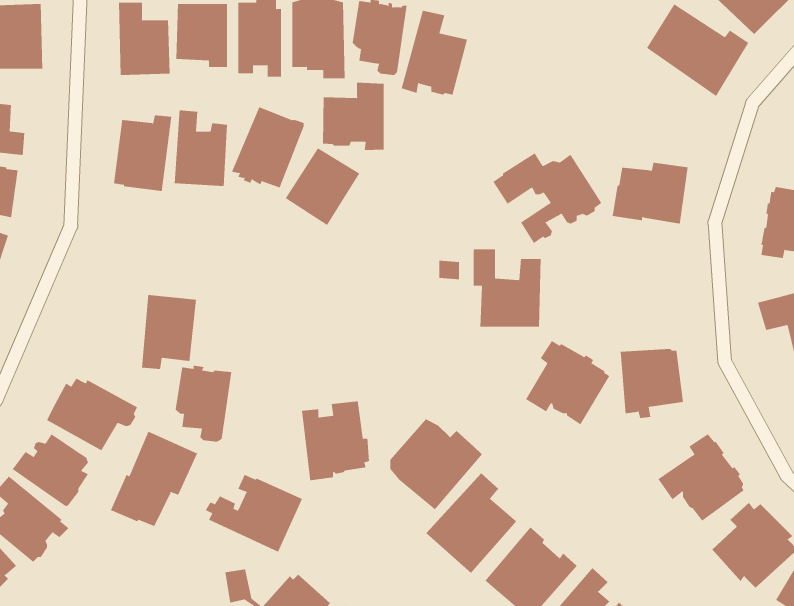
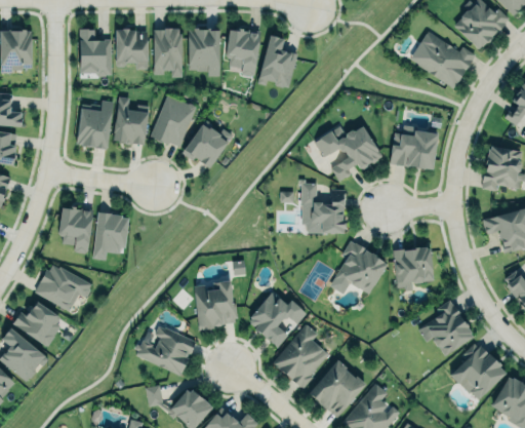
building: [323,82,384,151] -> none
building: [175,365,232,442] -> [57,204,93,252]
building: [110,431,198,527] -> none

